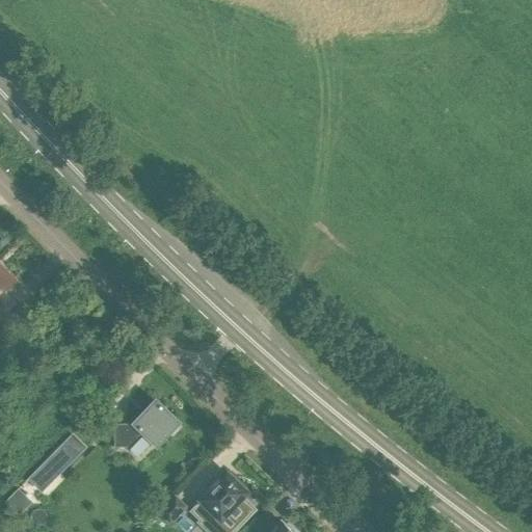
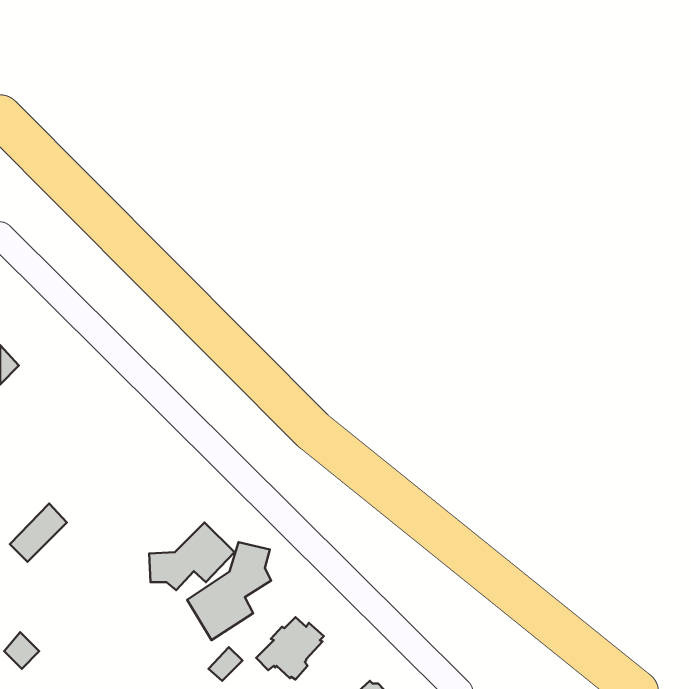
building: none -> [187,542,271,640]
building: [33,440,77,484] -> [10,504,67,562]

